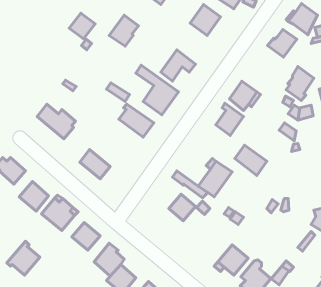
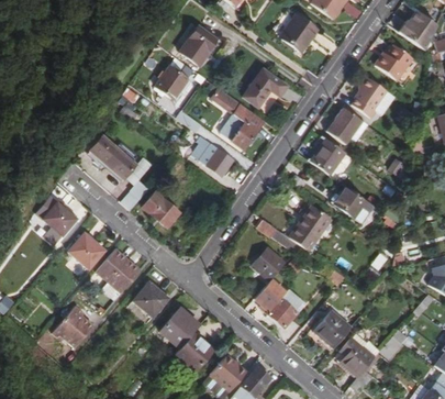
building: [69,13,95,39] -> [155,67,187,99]
building: [286,67,314,100] -> [353,76,387,118]
building: none -> [255,280,301,326]

